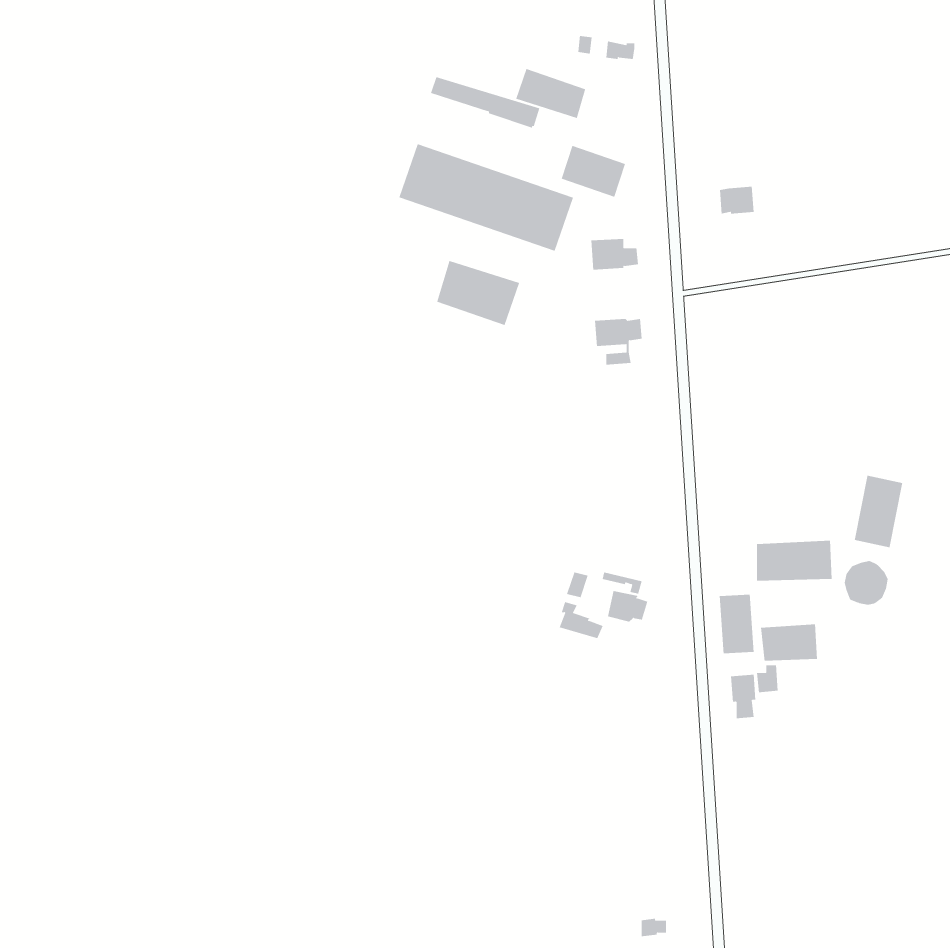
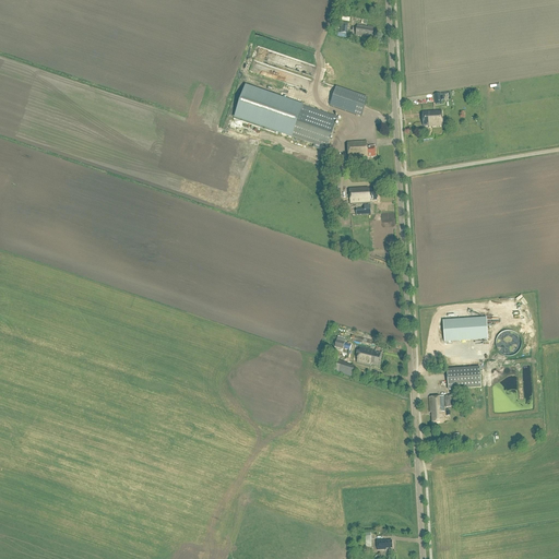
building: [515,68,586,119] -> none
building: [437,260,520,326] -> none
building: [854,475,903,548] -> none
building: [719,594,754,654] -> none

